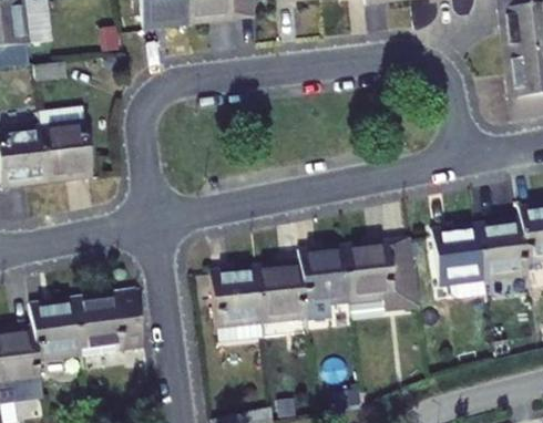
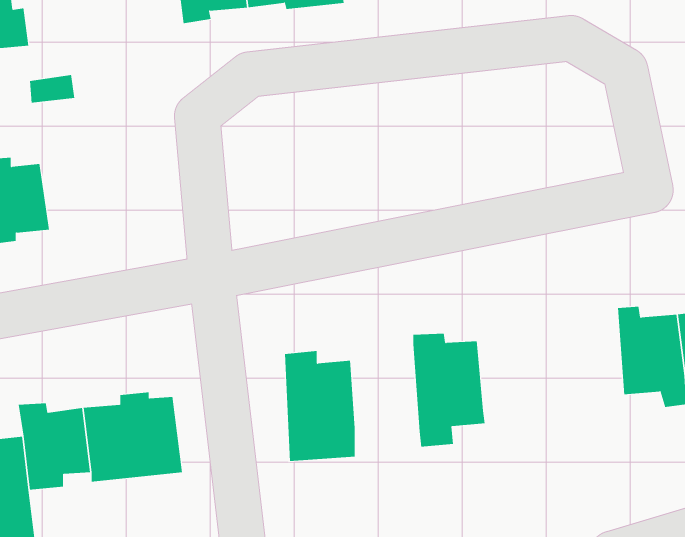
building: [40,115,93,176] -> none
building: [346,237,424,313] -> none
building: [257,254,305,317] -> none

